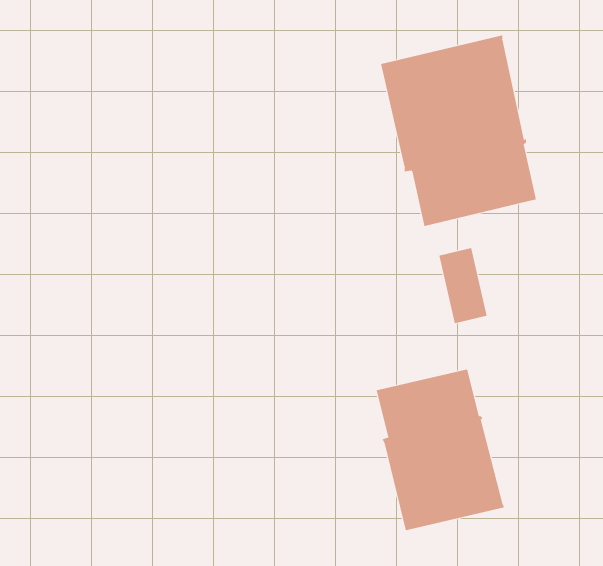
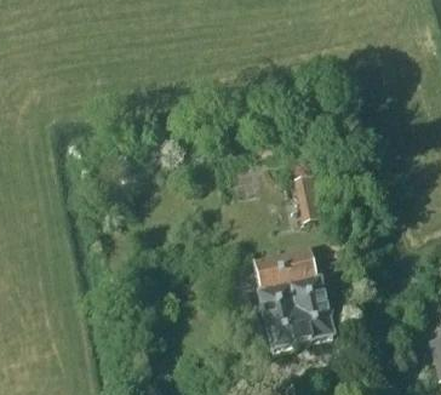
building: [381,34,537,227] -> none

